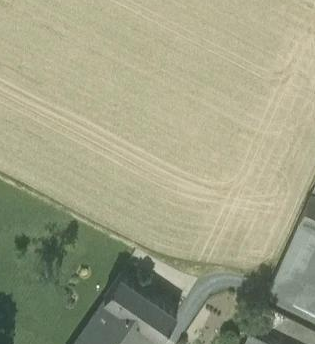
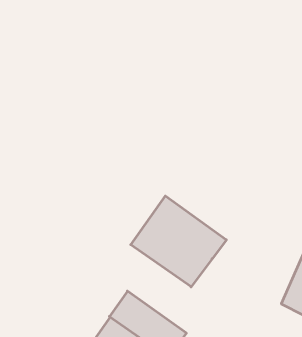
building: none -> [131,196,226,287]

